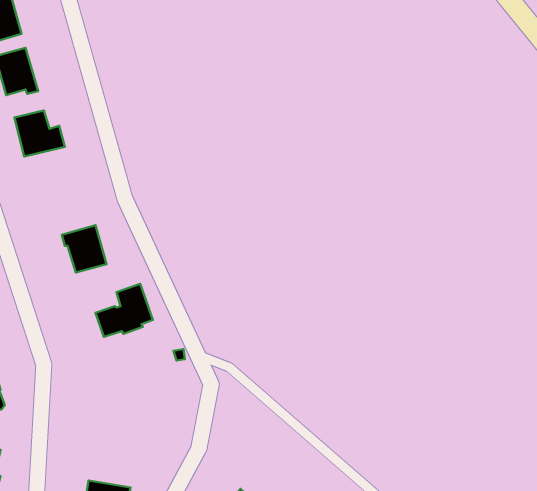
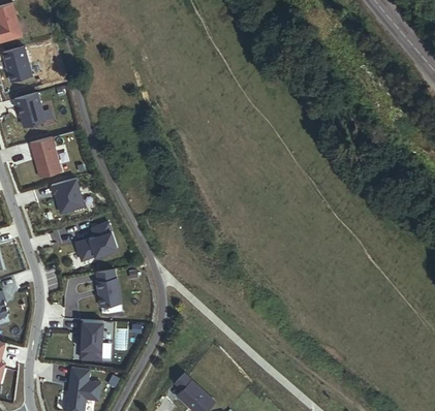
building: none -> [30,136,61,177]
building: none -> [96,268,121,307]
building: none -> [80,320,103,360]

